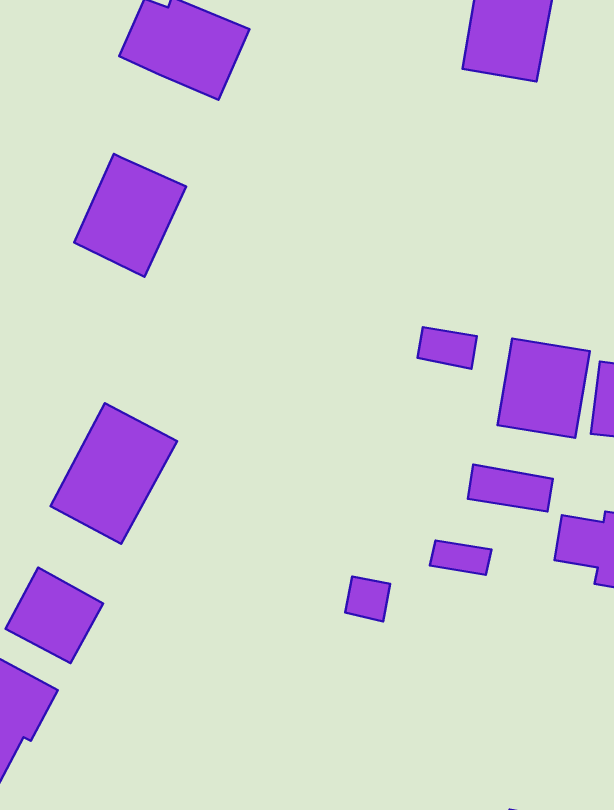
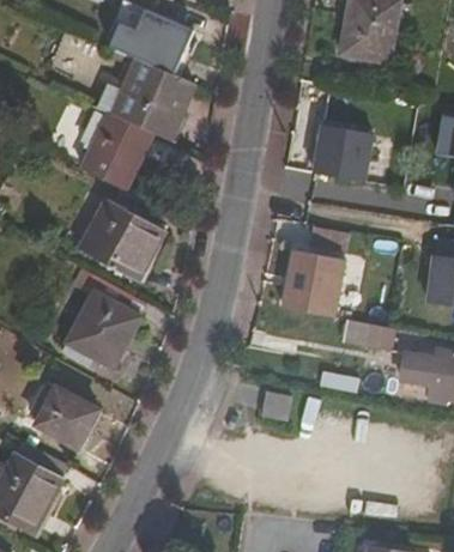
building: none -> [111,59,196,140]
building: none -> [310,117,373,176]
building: none -> [77,200,165,283]
building: [498,339,590,438] -> [283,250,344,316]

